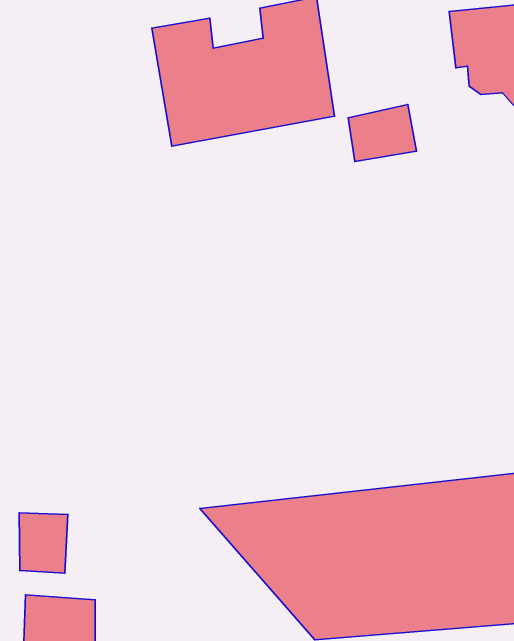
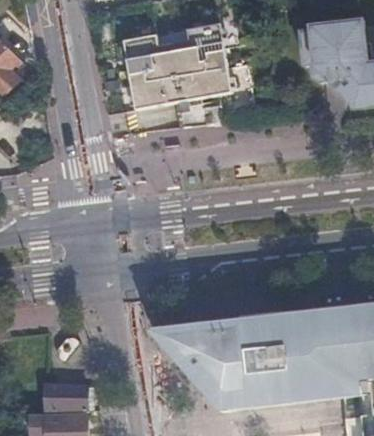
building: [348,104,417,162] -> none
building: [19,513,68,573] -> none

